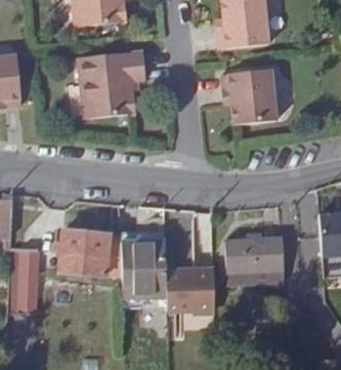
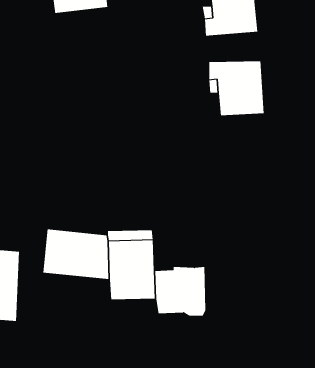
building: [78,49,143,116] -> none
building: [230,236,288,286] -> none

